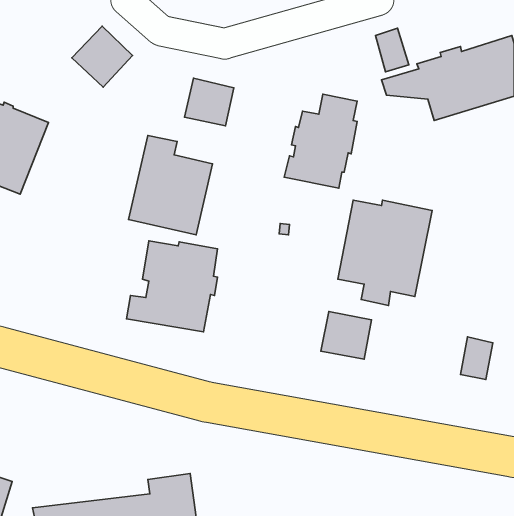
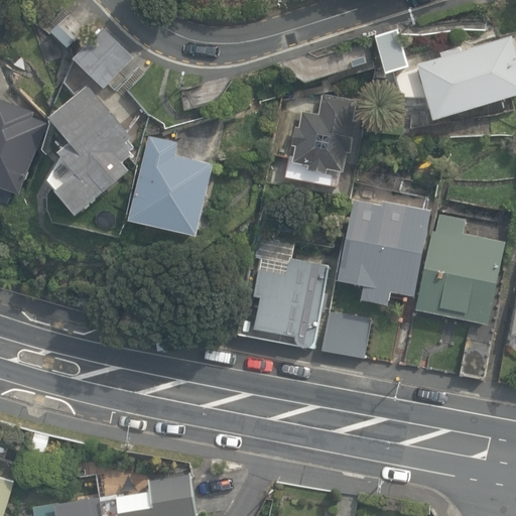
building: [184,78,234,126] -> none
building: none -> [49,85,133,215]
building: none -> [414,214,504,325]
building: [126,241,218,332] -> [237,257,328,348]

